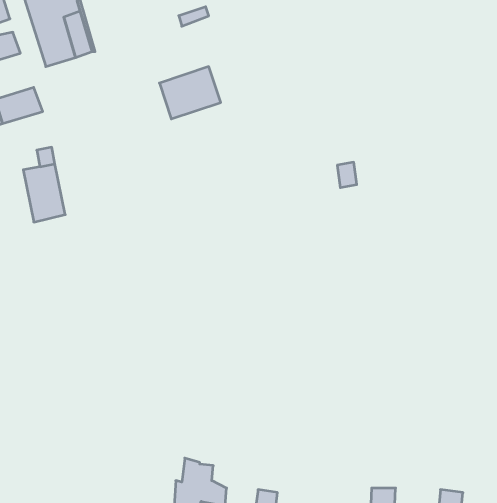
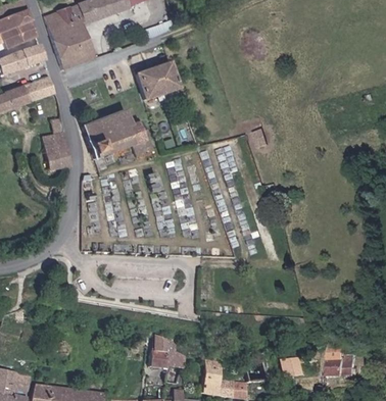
building: none -> [83,113,154,163]

